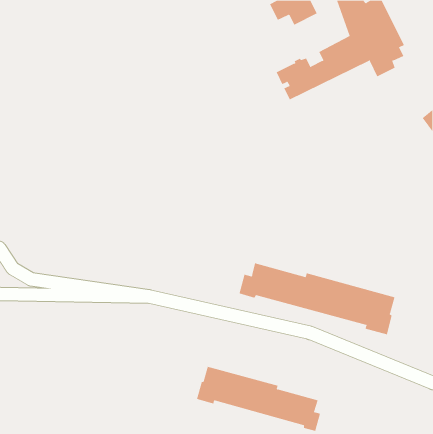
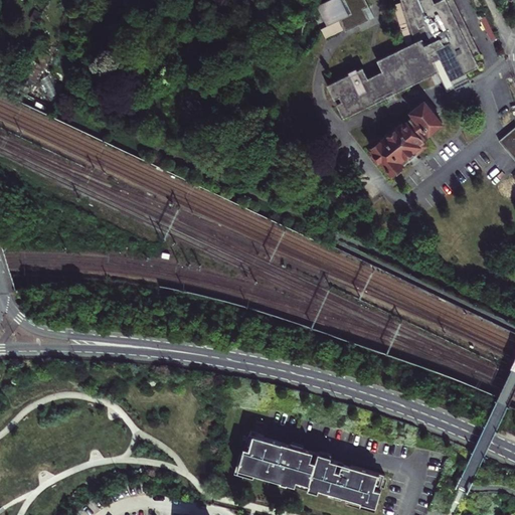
building: none -> [370,102,442,174]
building: [239,262,395,335] -> none

